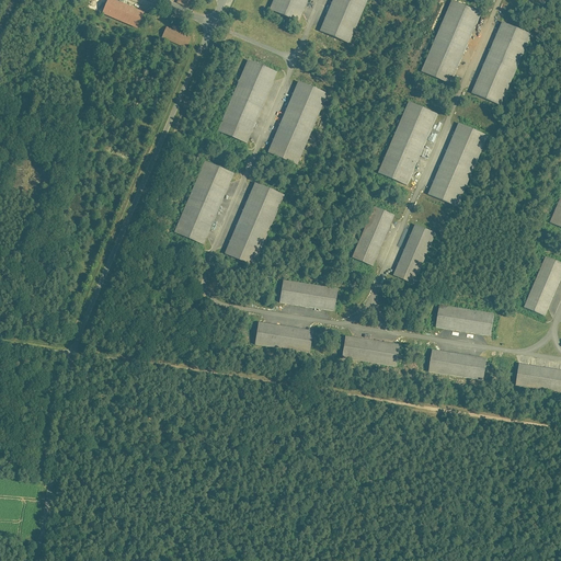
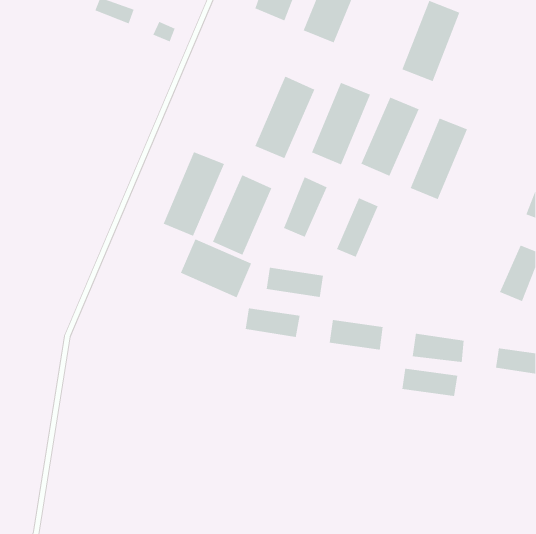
building: [469,21,531,108] -> none
building: [215,57,277,144] -> [311,82,371,165]
building: [392,221,438,285] -> [283,177,327,237]
building: none -> [180,238,252,298]
building: [434,305,493,334] -> [401,368,458,396]

